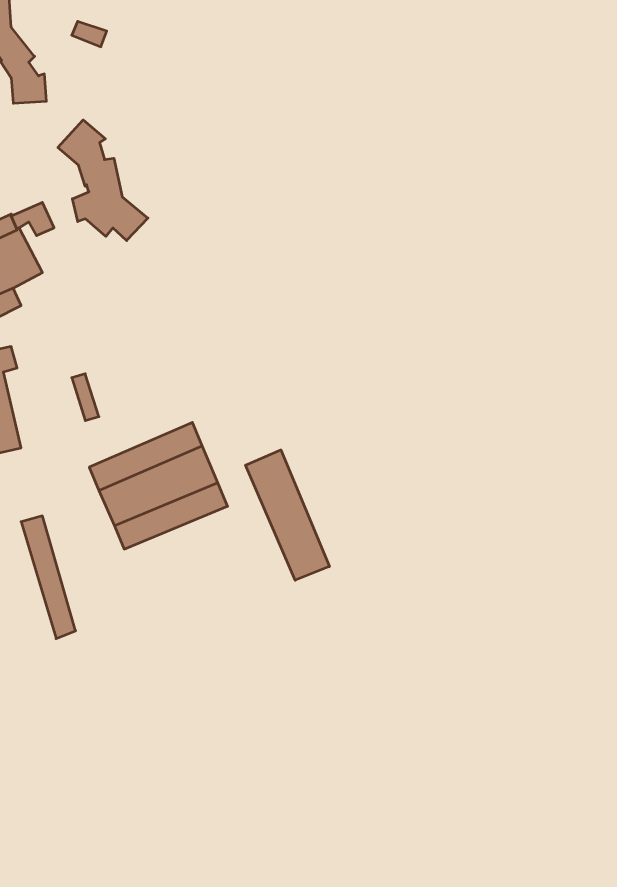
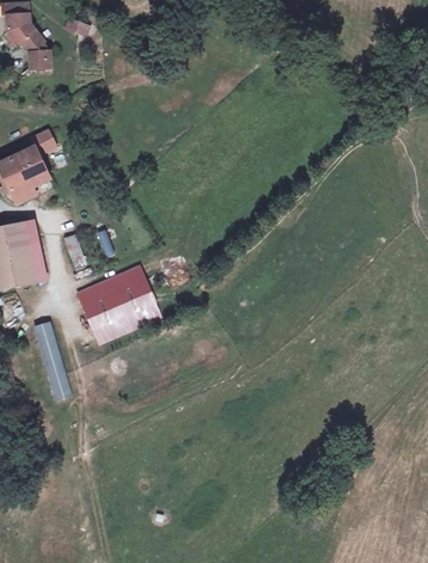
building: [58,120,148,241] -> none
building: [246,450,329,580] -> none

